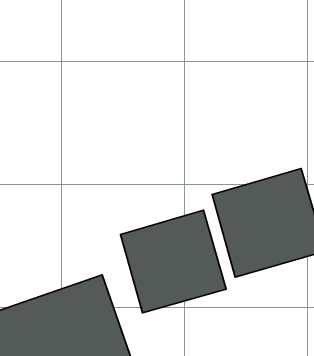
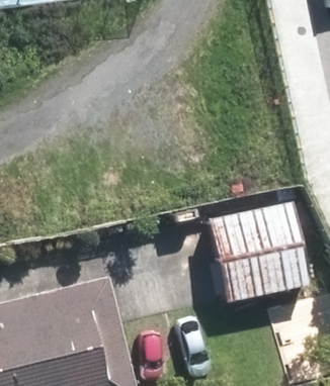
building: [120,210,226,313] -> none

